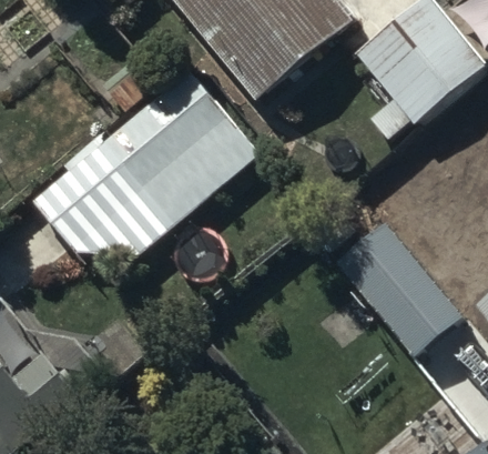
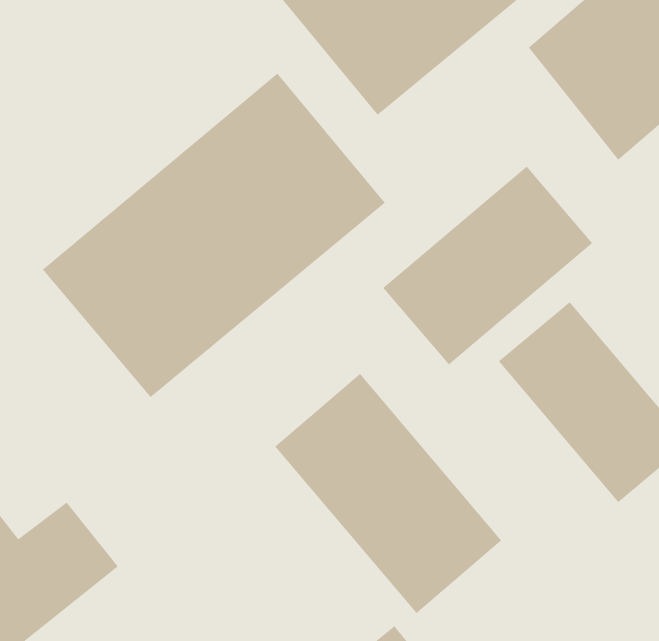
building: none -> [382,165,593,366]
building: none -> [274,373,502,614]

